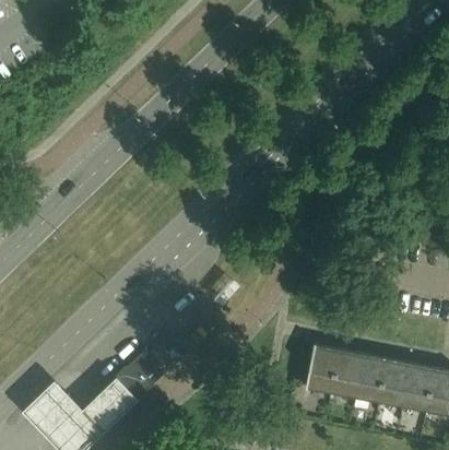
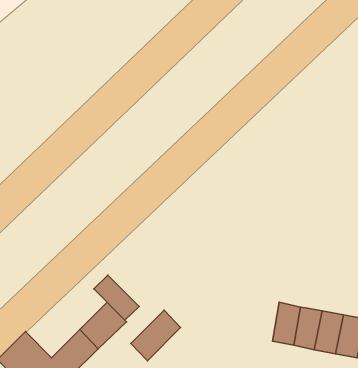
building: none -> [94,275,139,320]
building: [305,344,338,393] -> none
building: none -> [131,310,181,361]

